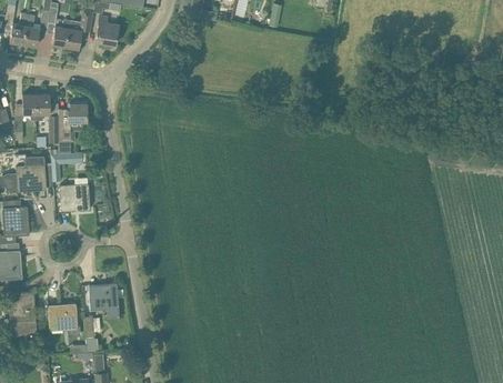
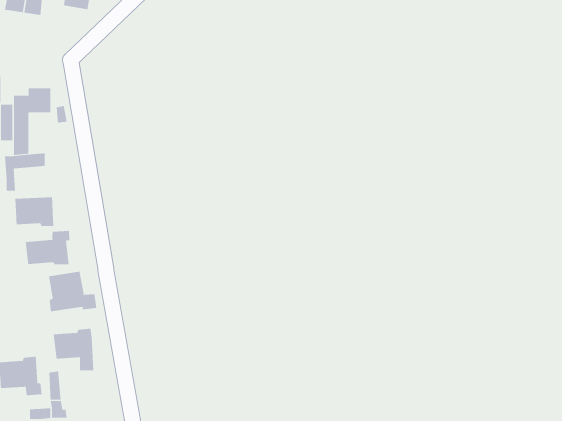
building: none -> [25,230,70,265]
building: none -> [48,271,97,312]

